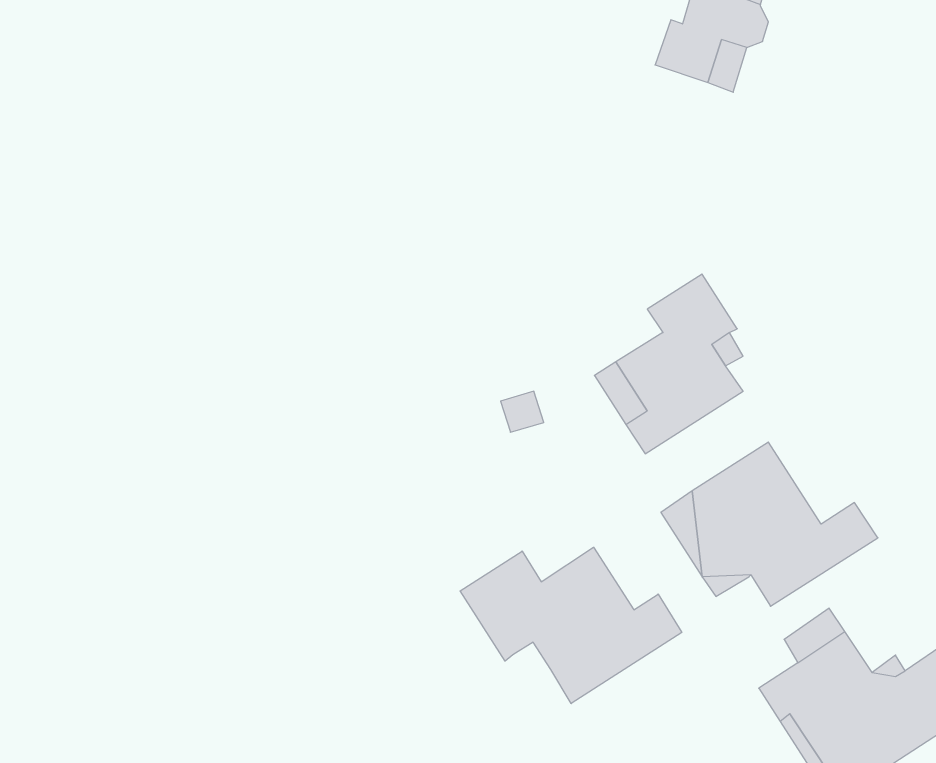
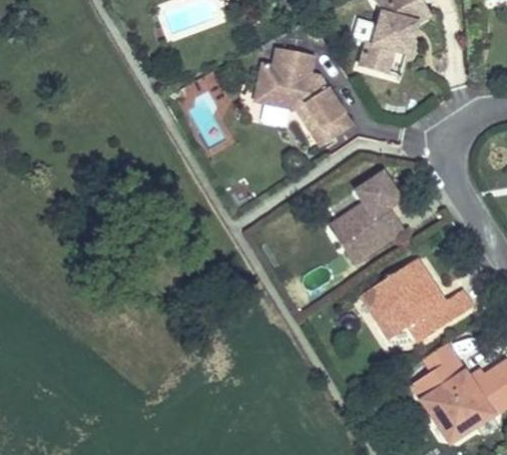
building: none -> [260,49,356,147]
building: [460,547,682,704] -> none

